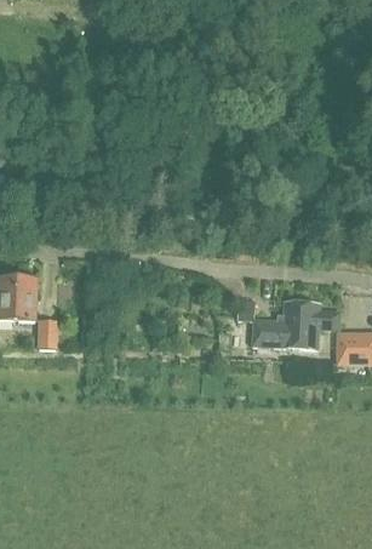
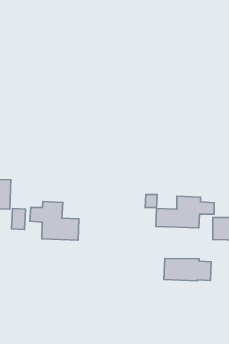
building: none -> [30,202,79,240]
building: none -> [164,258,211,281]

